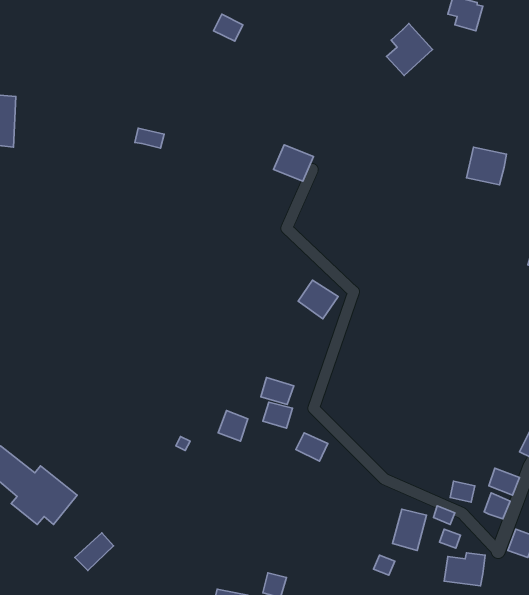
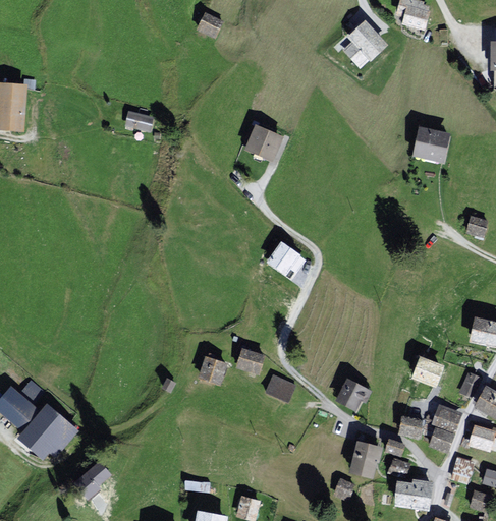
building: [261,377,294,404] -> none
building: none -> [414,358,442,384]
building: none -> [337,380,370,408]

